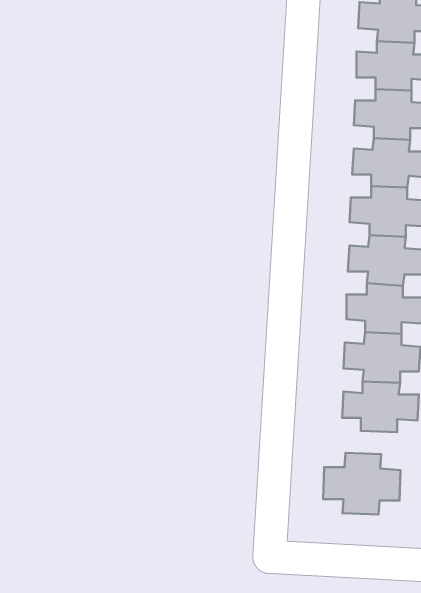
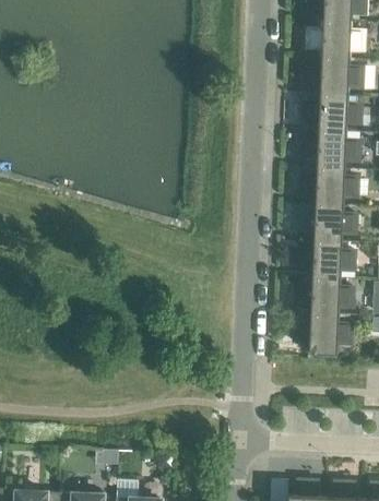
building: [323,453,400,515] -> none

